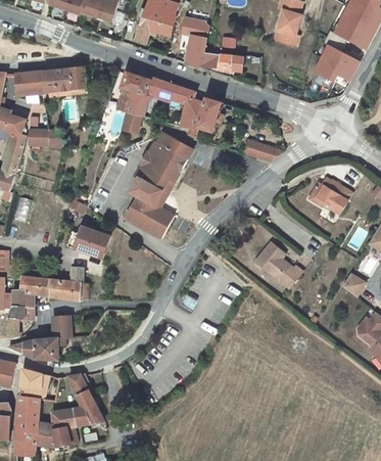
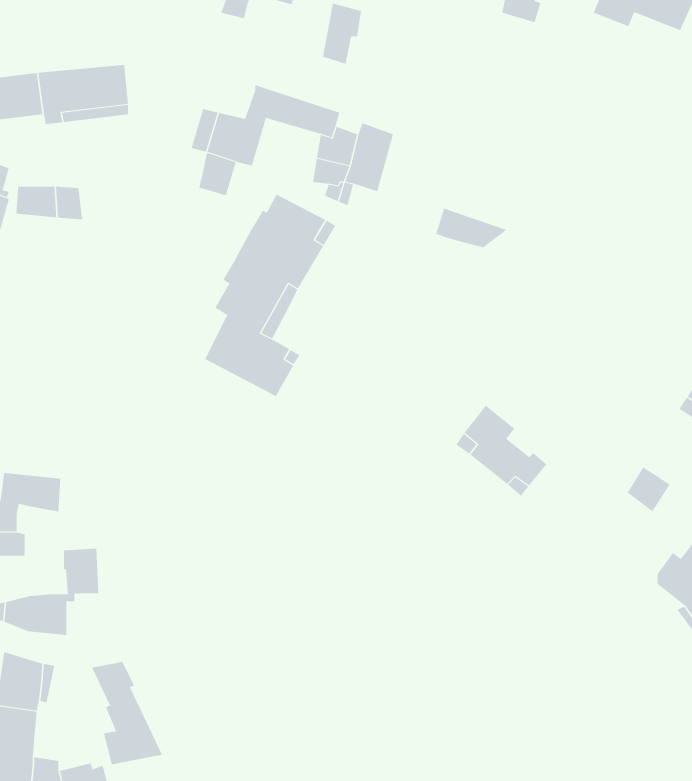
building: [314,43,362,81] -> none
building: [197,52,242,71] -> none
building: [121,72,150,94] -> none
building: [306,179,351,214] -> none
building: [66,227,109,259] -> none
building: [50,268,82,302] -> none
building: [50,410,77,429] -> none

